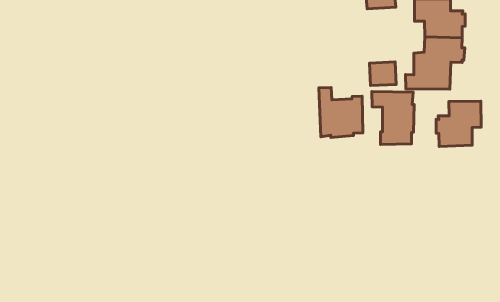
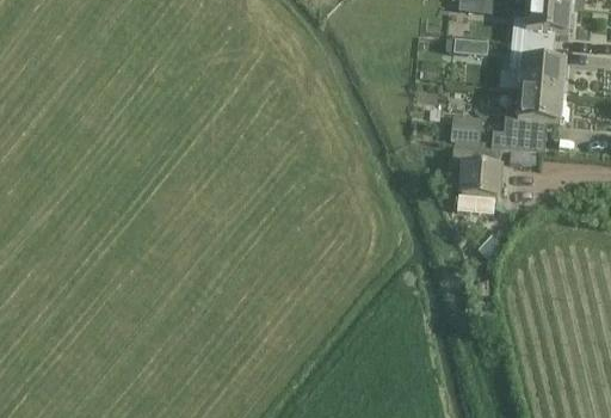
building: [319,88,363,138] -> none
building: [436,101,481,147] -> none

